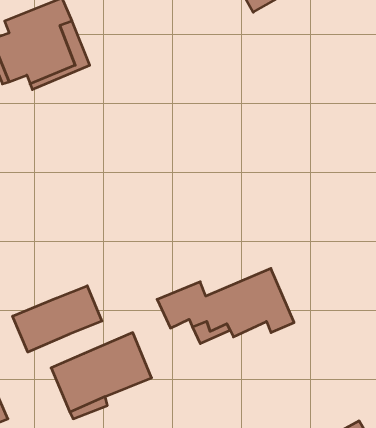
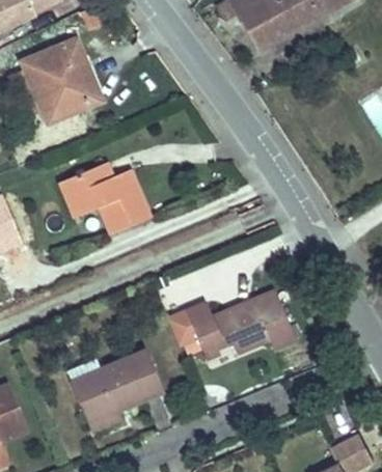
building: none -> [60,162,151,233]
building: [13,286,102,352] -> none

